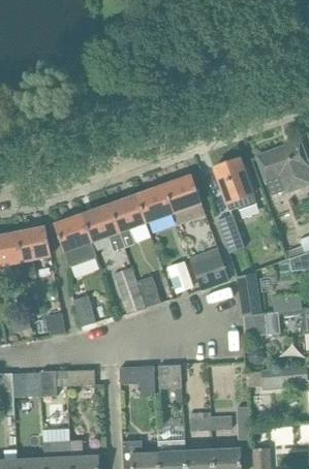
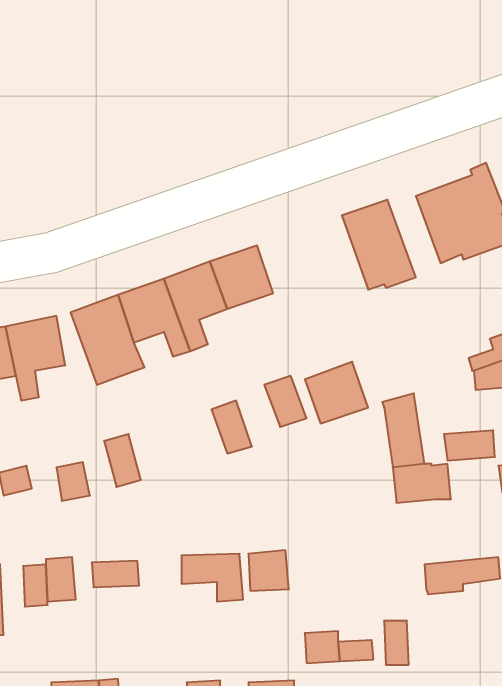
building: [163,175,205,219] -> none
building: [217,214,245,253] -> none
building: [113,268,145,313] -> none

